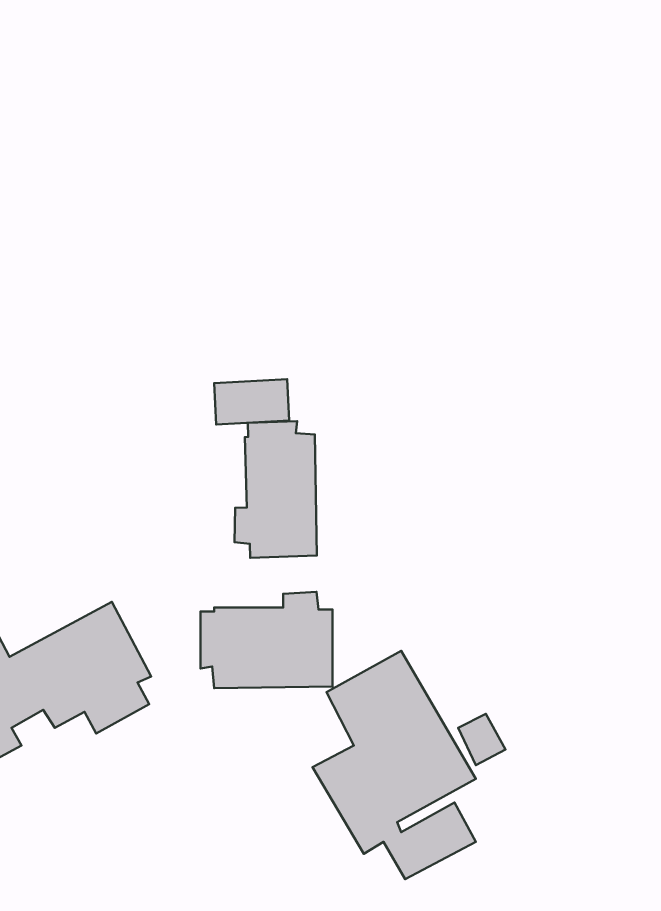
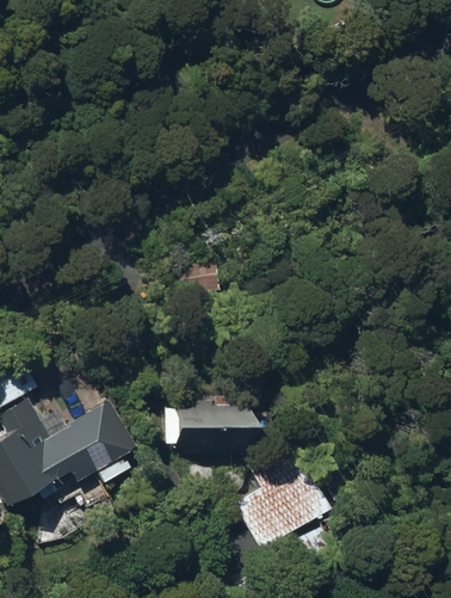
building: [234,421,317,558] -> none

